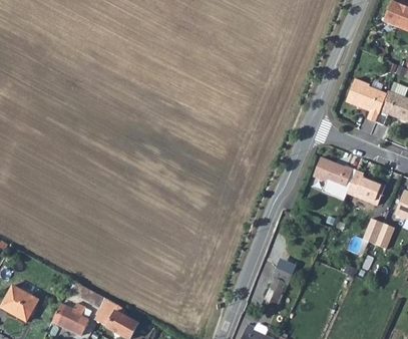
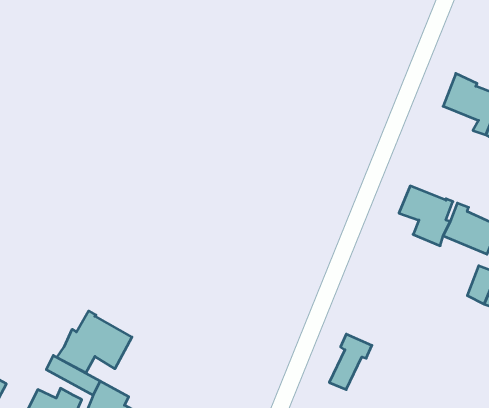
building: none -> [57,311,132,373]

